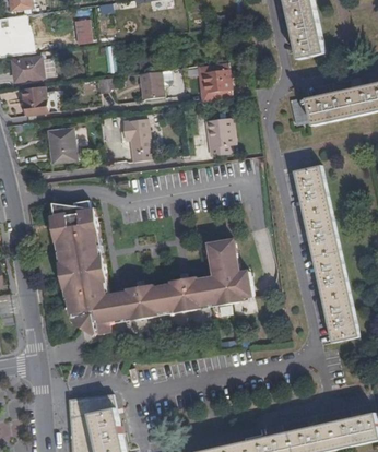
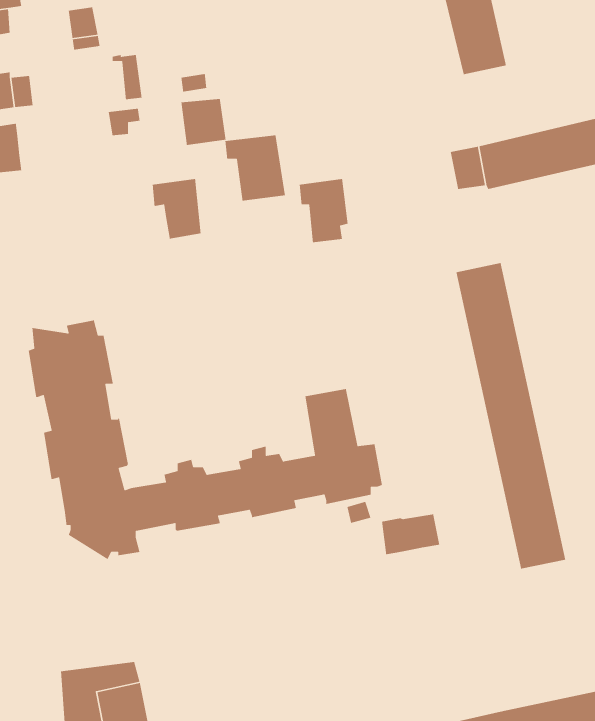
building: [197,63,232,102] -> [225,135,286,201]
building: [46,130,75,165] -> none
building: none -> [381,514,440,555]

